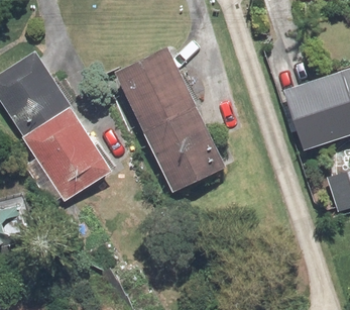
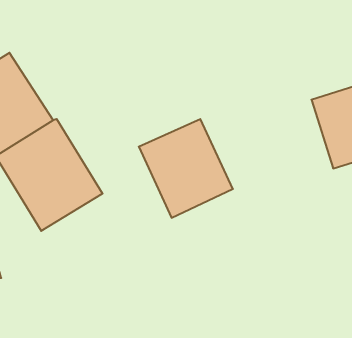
building: [117,47,196,130] -> none

